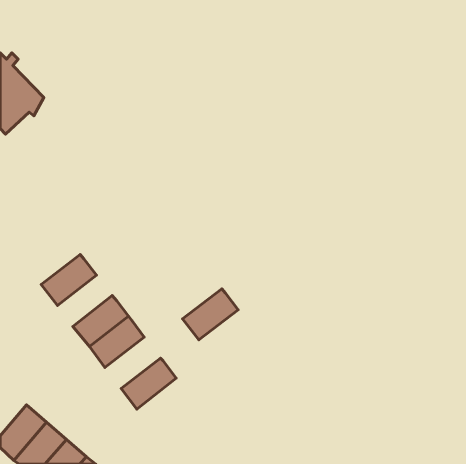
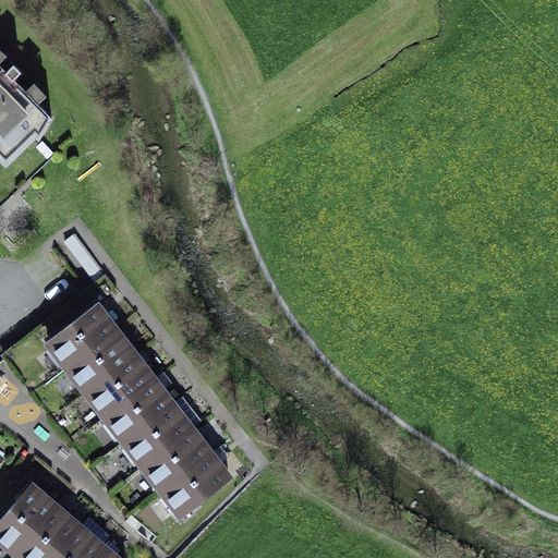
building: none -> [69,329,134,390]
building: [183,289,238,340] -> [125,403,192,464]
building: none -> [163,452,230,513]

